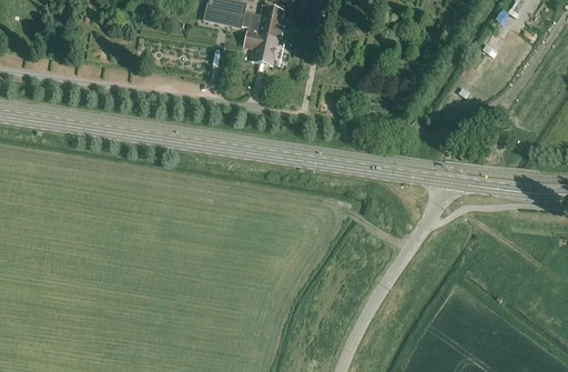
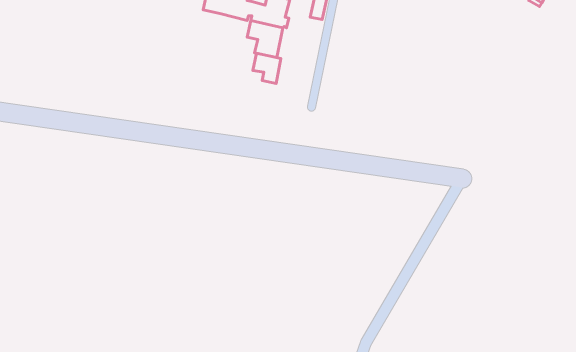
building: none -> [253,53,281,83]

